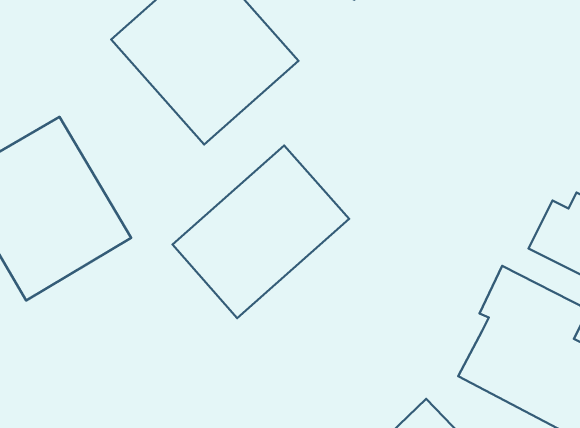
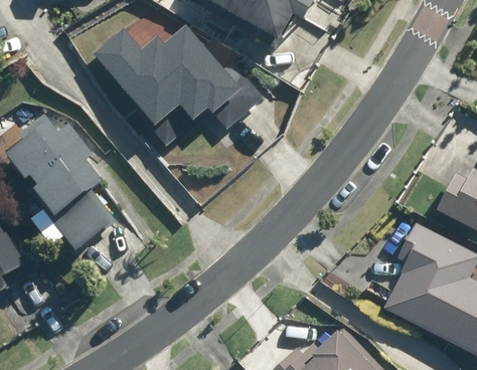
building: [172,145,349,318] -> none

